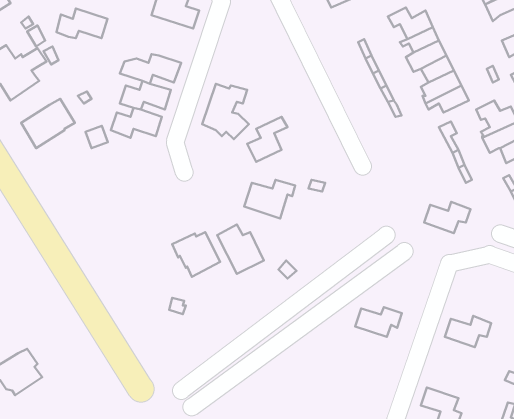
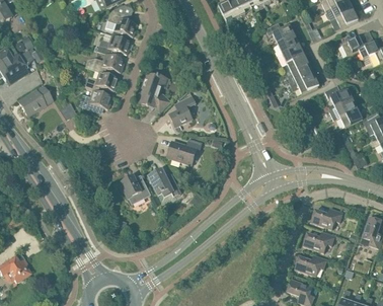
building: [56,8,107,38] -> [96,33,131,54]
building: [424,202,470,233] -> [311,207,342,228]
building: [355,307,402,337] -> [295,254,326,275]

